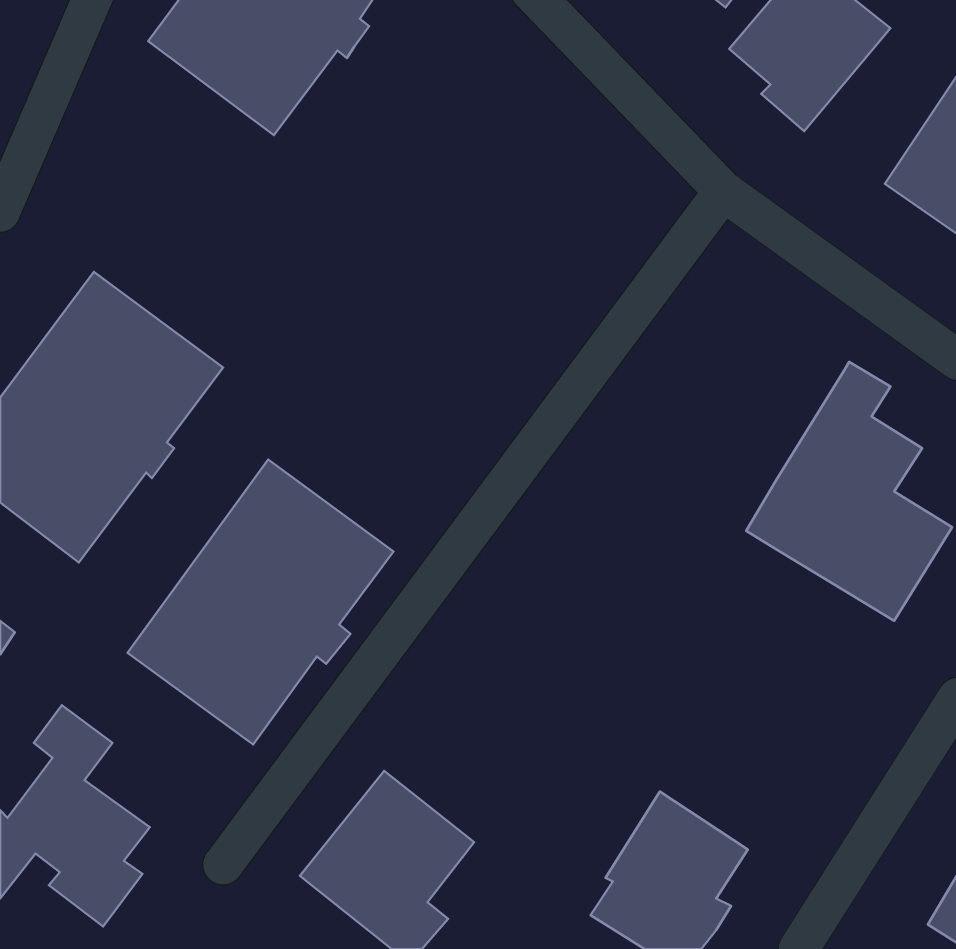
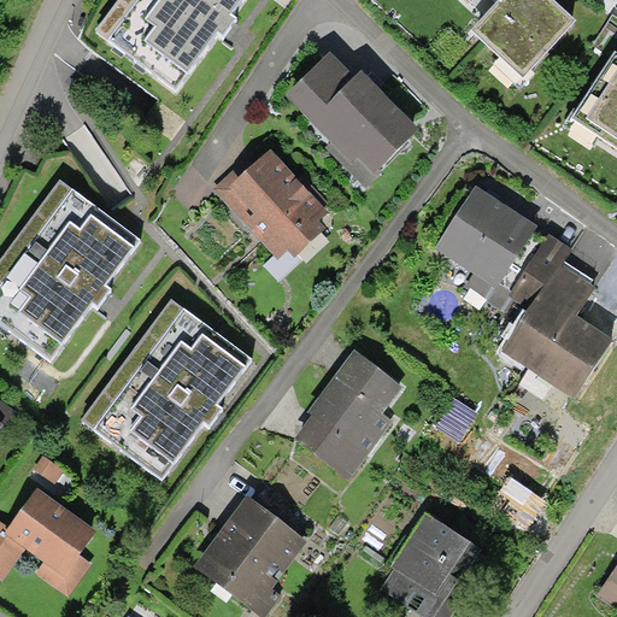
building: none -> [286,52,421,187]
building: none -> [212,147,329,258]
building: none -> [433,184,543,308]
building: none -> [294,349,400,482]

